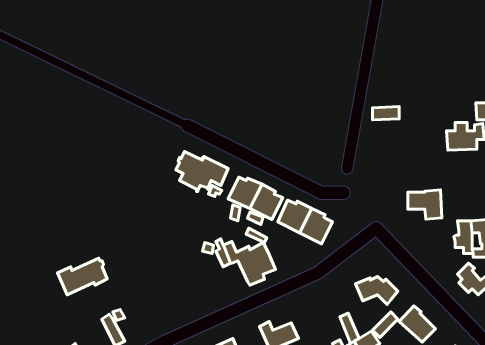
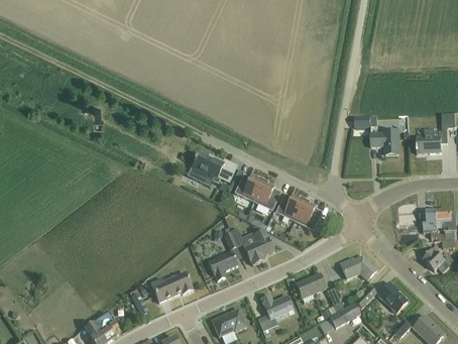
building: [408,190,442,219] -> [370,129,398,153]
building: [57,258,107,295] -> [150,270,192,301]
building: none -> [208,250,237,279]
building: none -> [295,272,326,302]

